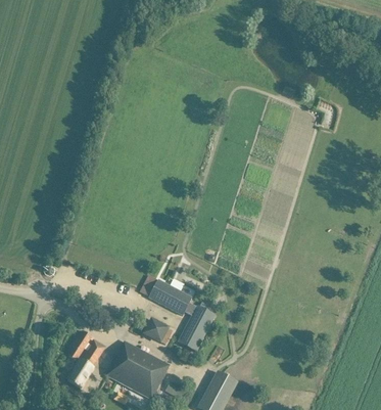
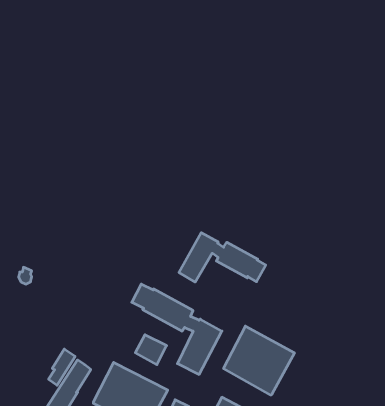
building: none -> [179,233,266,282]
building: none -> [224,326,294,395]

